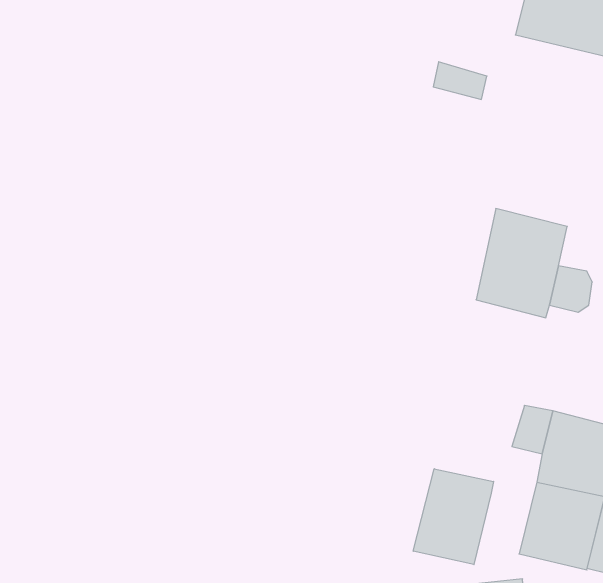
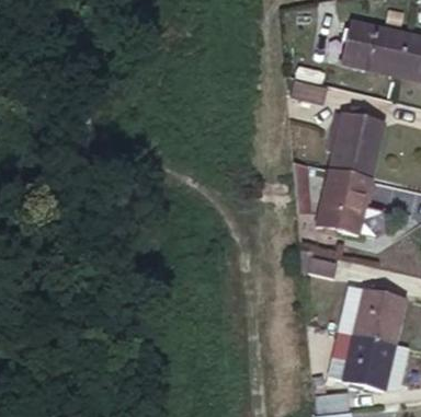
building: none -> [328,113,385,178]
building: [413,469,494,565] -> none

